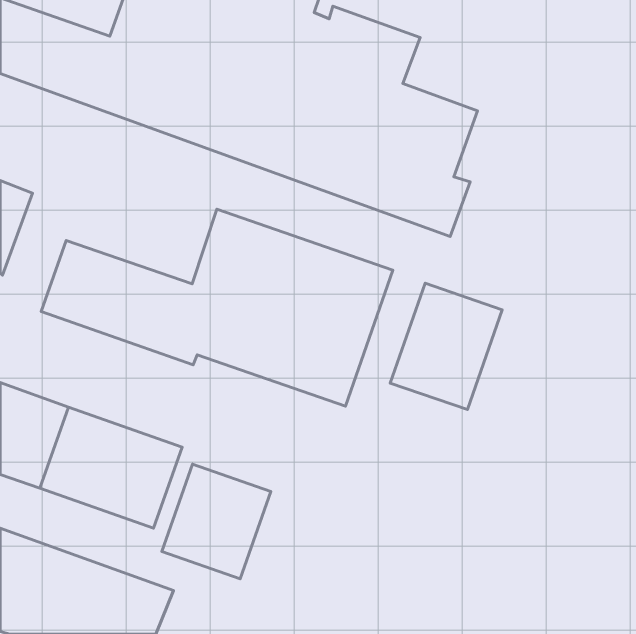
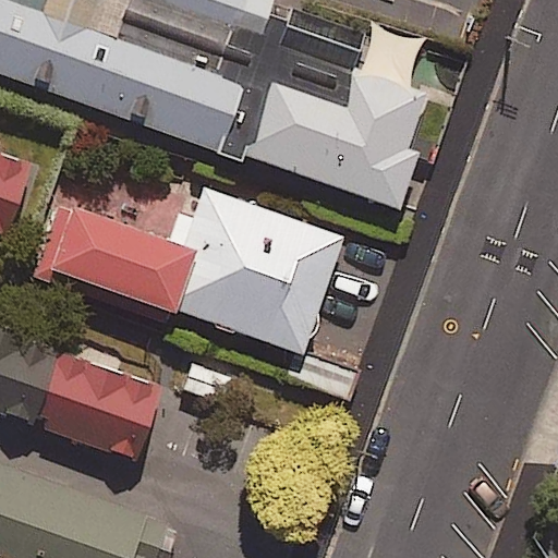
building: [390,283,502,410] -> none
building: [162,464,271,579] -> none

